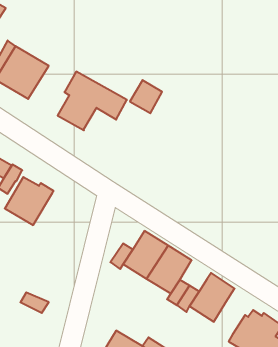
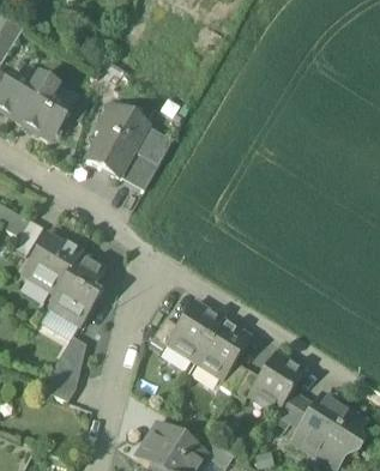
building: [130,80,162,113] -> [117,149,157,189]
building: none -> [48,253,103,324]
building: none -> [47,334,85,387]
building: none -> [276,387,315,427]

